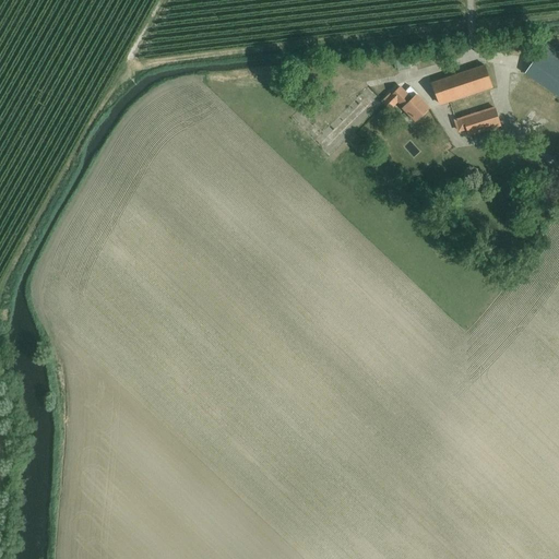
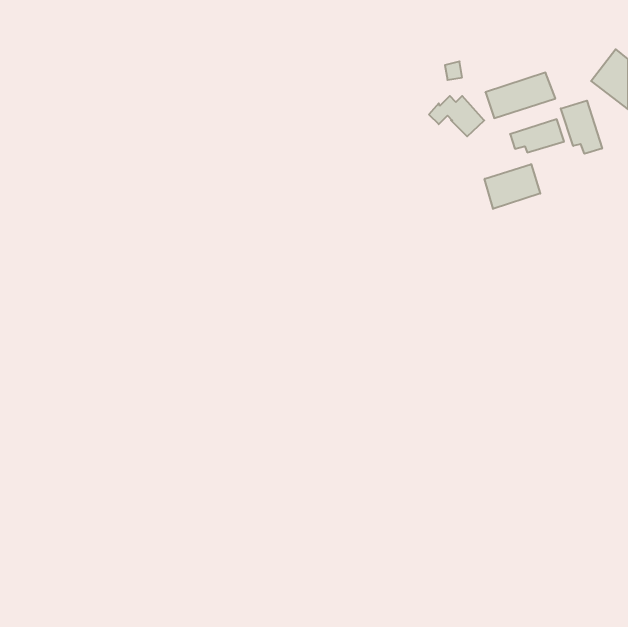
building: none -> [561,101,602,154]
building: none -> [485,164,540,209]

